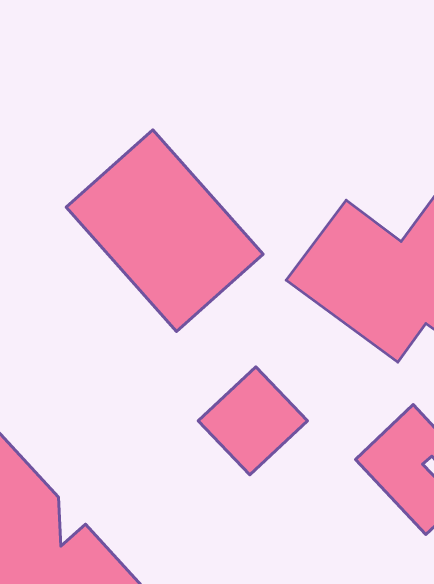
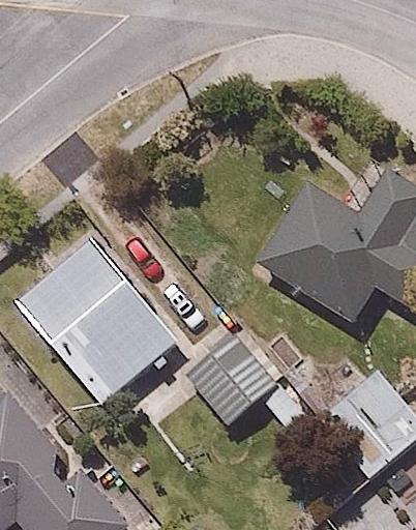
building: [66,130,263,331] -> [8,232,182,410]

